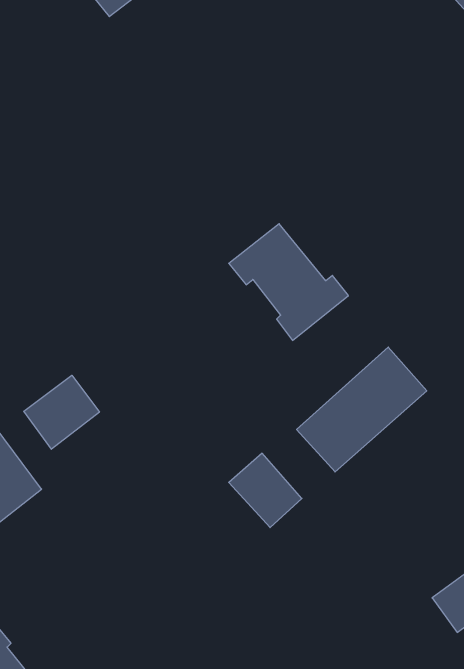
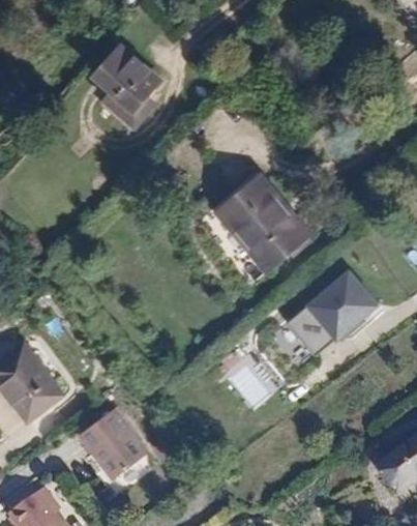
building: none -> [97,55,161,133]
building: [24,375,99,449] -> none
building: none -> [81,406,149,478]

